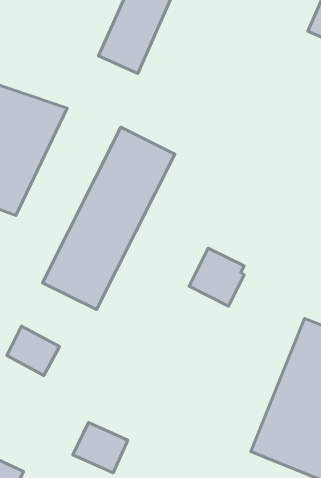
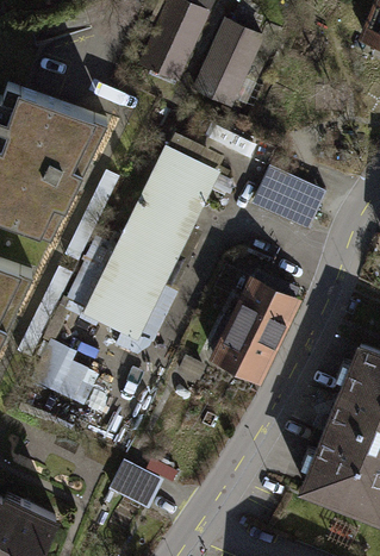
building: none -> [197,21,269,107]
building: none -> [253,169,325,235]
building: none -> [213,314,279,383]

